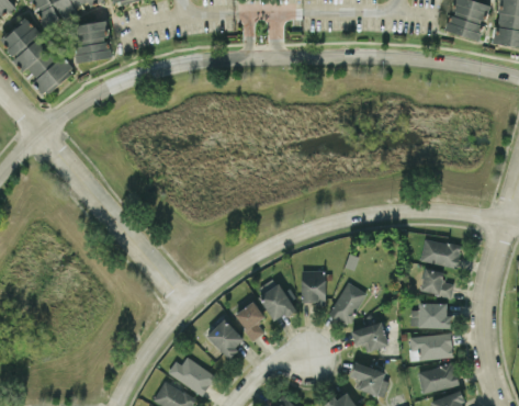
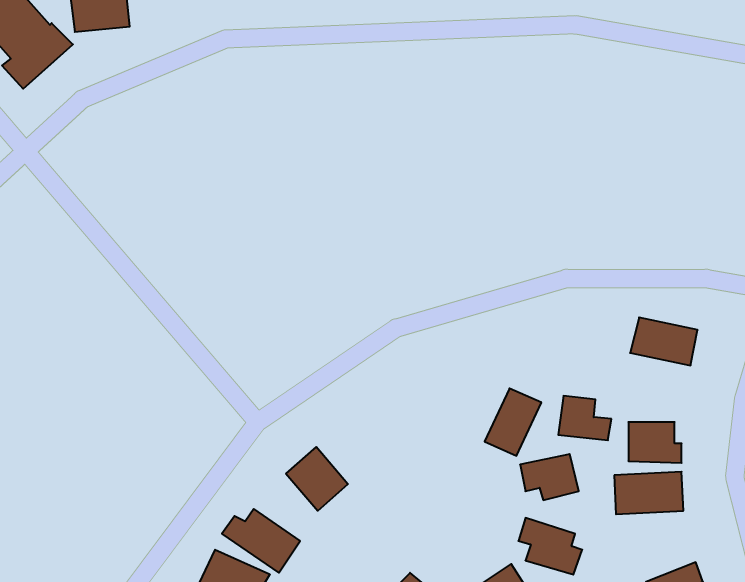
building: [420,269,453,296] -> [558,396,611,440]
building: [301,270,325,302] -> none
building: [256,278,294,322] -> none
building: [234,301,264,340] -> none
building: [417,362,459,394] -> none

